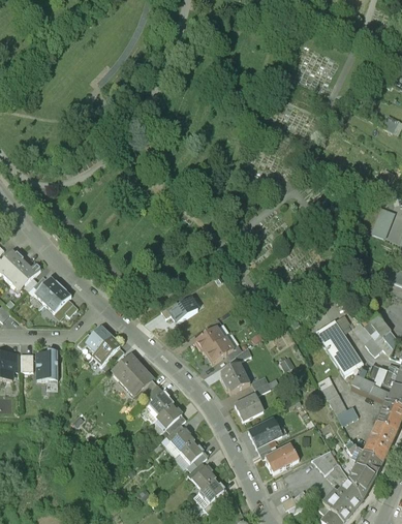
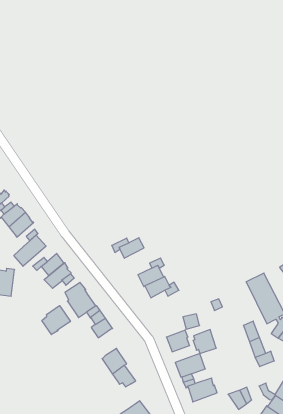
building: none -> [14,235,46,266]
building: [221,363,248,391] -> [193,330,216,353]
building: none -> [42,306,70,335]
building: [156,403,186,433] -> none
building: [187,461,216,490] -> none

